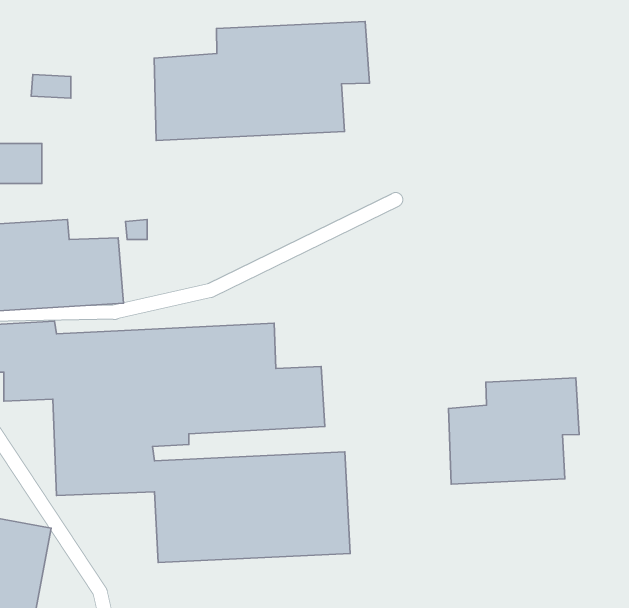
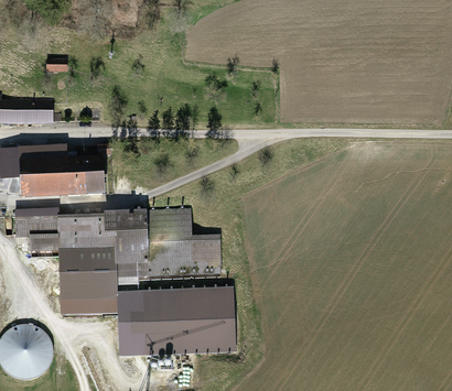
building: [154,22,370,141] -> none
building: [449,378,579,484] -> none

